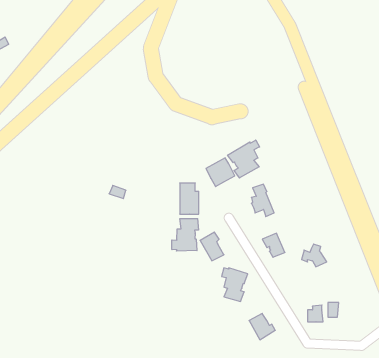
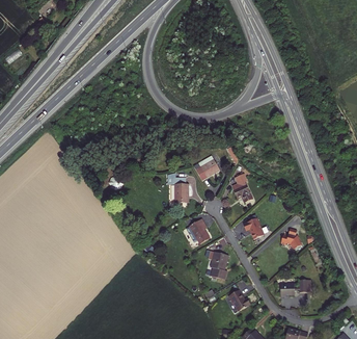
building: [228,140,260,178] -> none
building: [172,219,198,251] -> none

